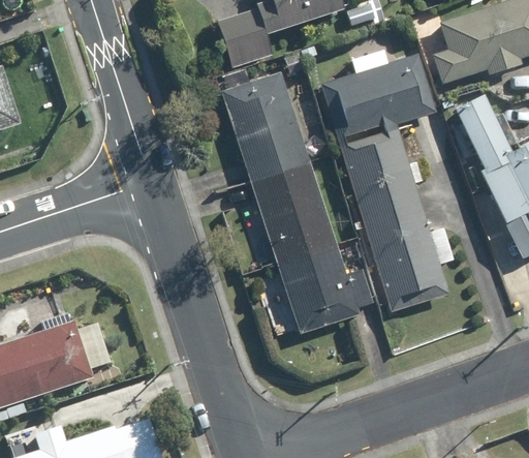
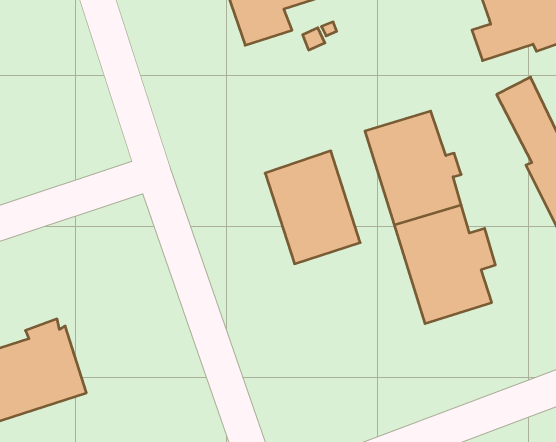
building: [321,52,437,145] -> none
building: [223,75,309,182] -> none
building: [277,243,374,336] -> none

